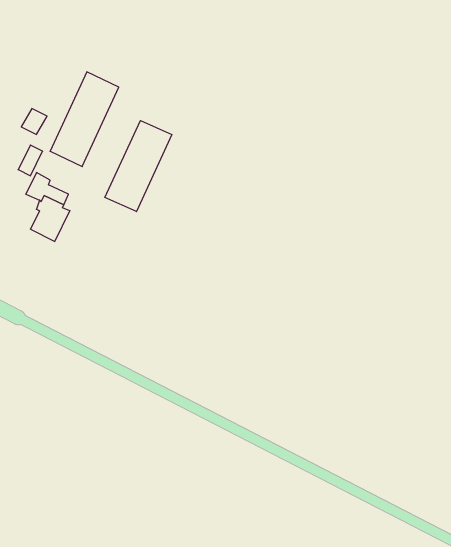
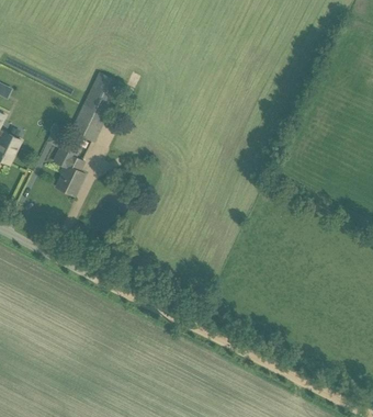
building: [105,121,172,212] -> none

